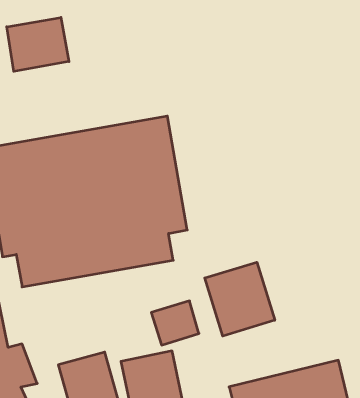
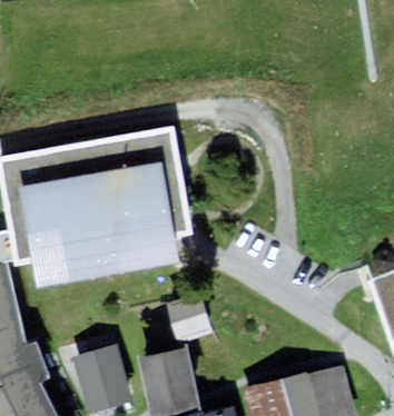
building: [7,17,69,71] -> none
building: [205,262,275,336] -> none

